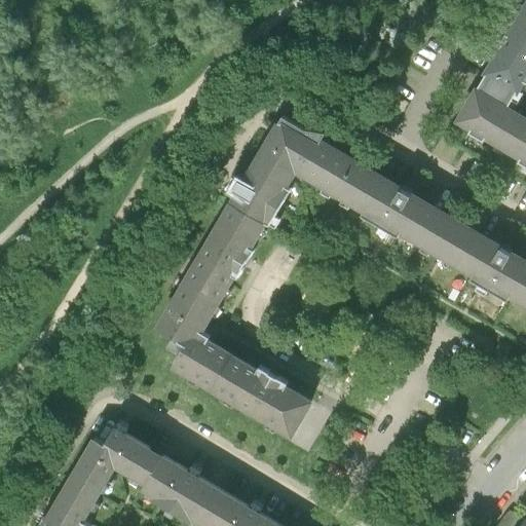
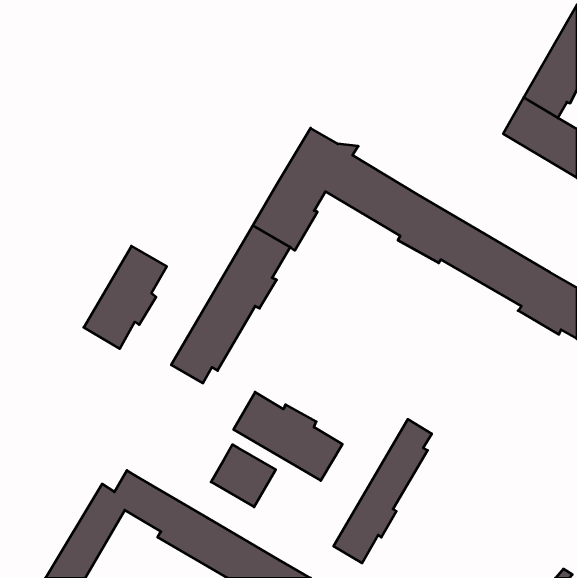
building: none -> [84,246,167,349]
building: [173,333,231,389] -> [211,445,276,507]
building: none -> [334,419,432,563]

